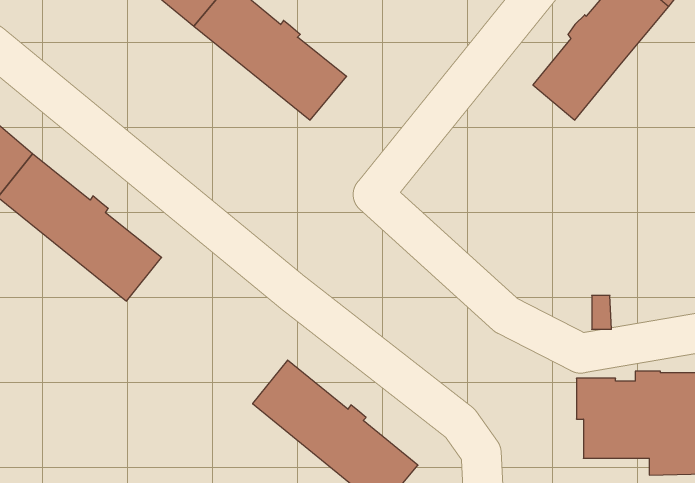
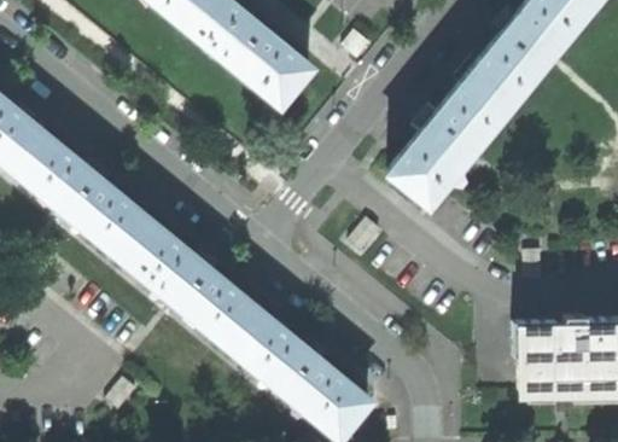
building: none -> [393,76,509,203]
building: none -> [123,225,262,350]

